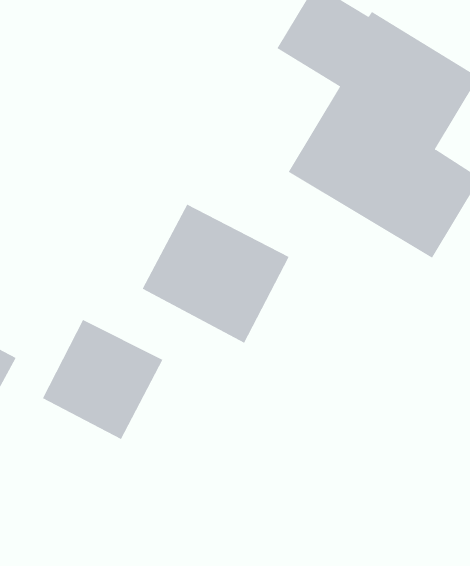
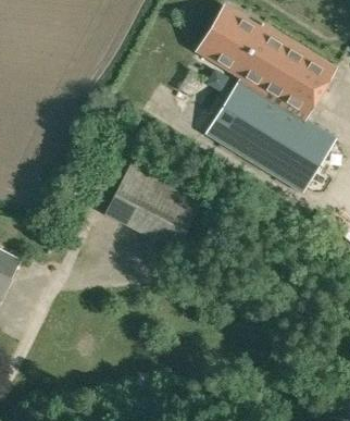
building: [42,319,163,440] -> none

